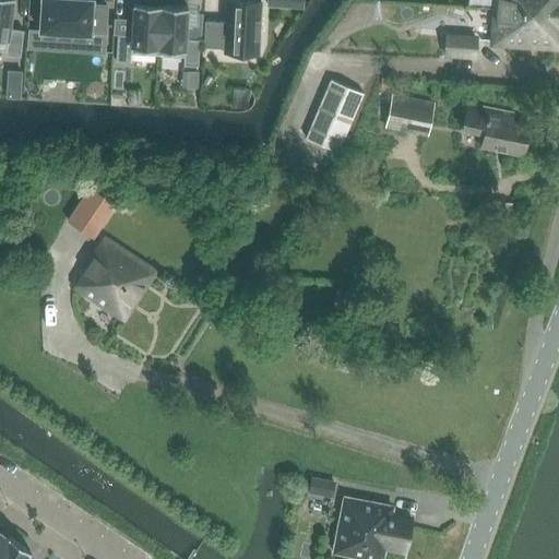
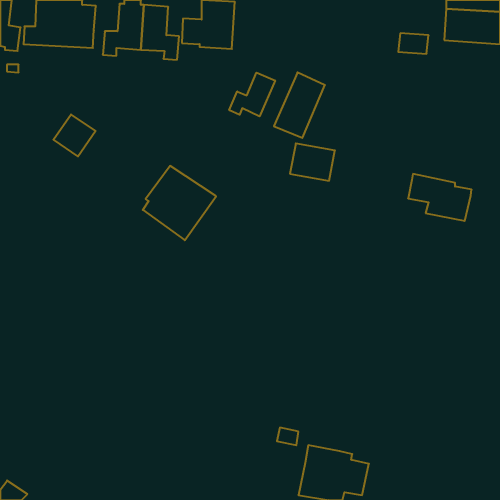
building: none -> [229,73,275,116]
building: [384,94,435,135] -> [290,143,335,181]
building: [462,106,533,158] -> [408,174,472,221]
building: [66,191,112,238] -> [53,114,96,156]
building: [74,238,156,321] -> [143,166,216,240]

